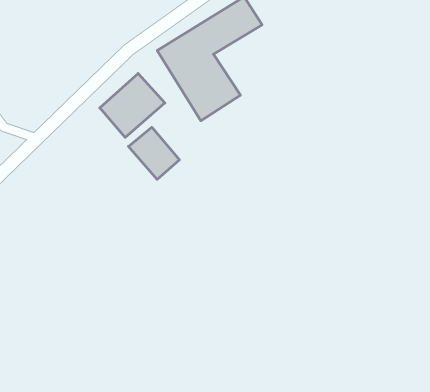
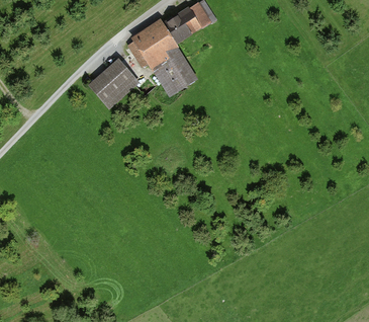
building: [128,127,179,179] -> none

